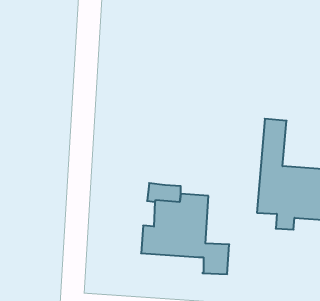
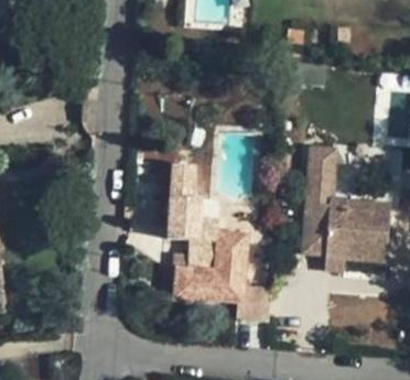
building: none -> [168,163,201,238]

